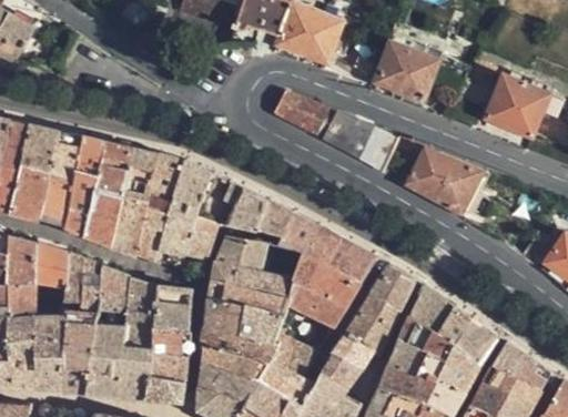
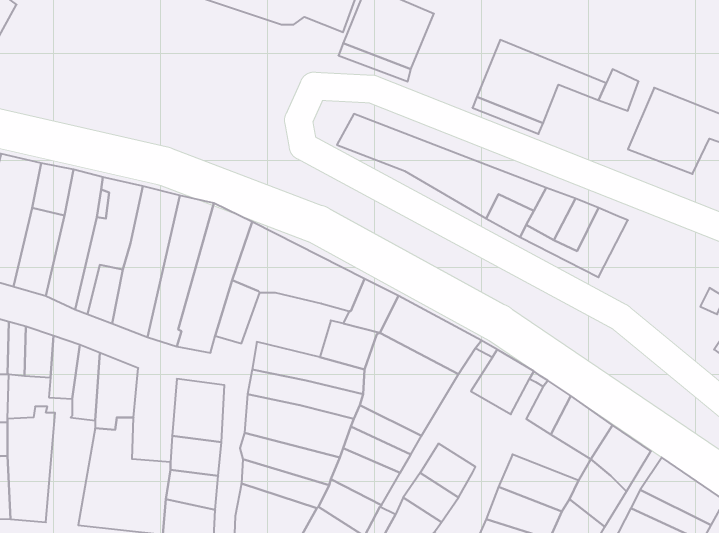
building: [215,235,268,269] -> none
building: [125,277,158,345] -> none
building: [346,294,398,356] -> none
building: [63,309,99,390] -> none
building: [399,314,456,358] -> none

